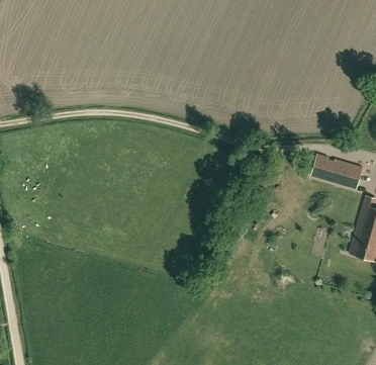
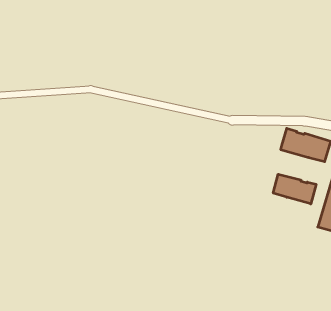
building: none -> [273,174,316,204]

